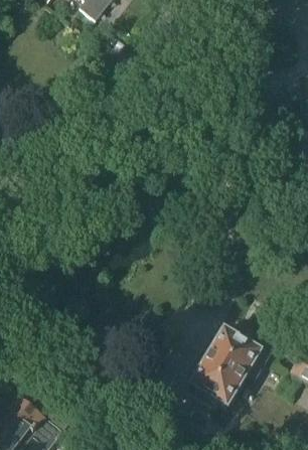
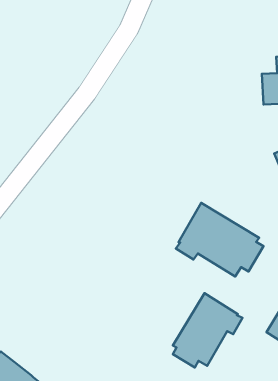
building: none -> [176,203,263,277]

